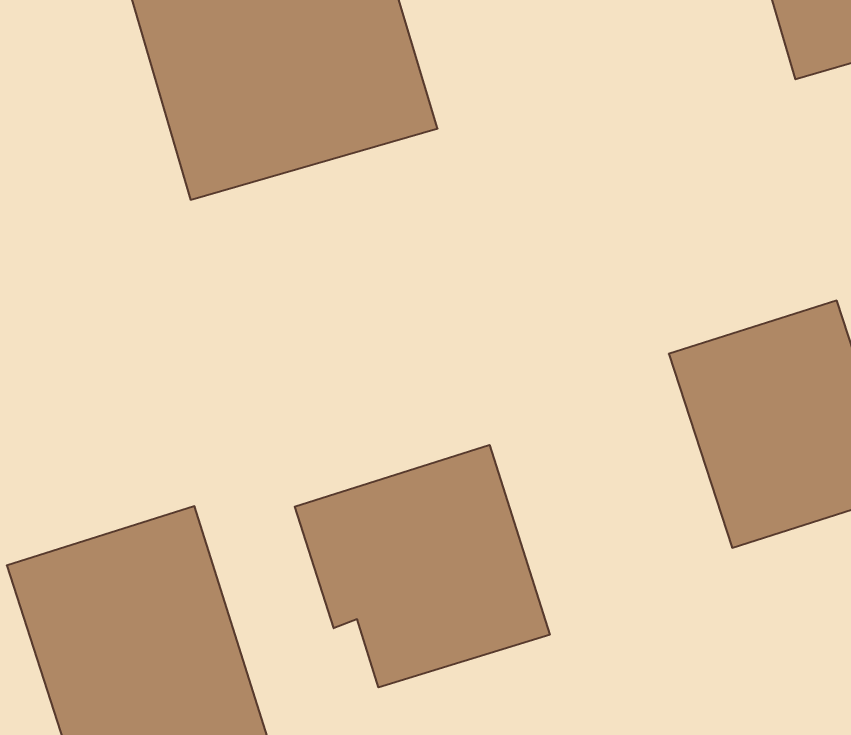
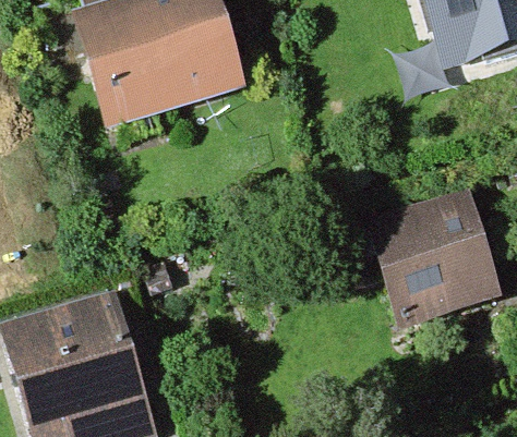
building: [295,445,550,687] -> none

